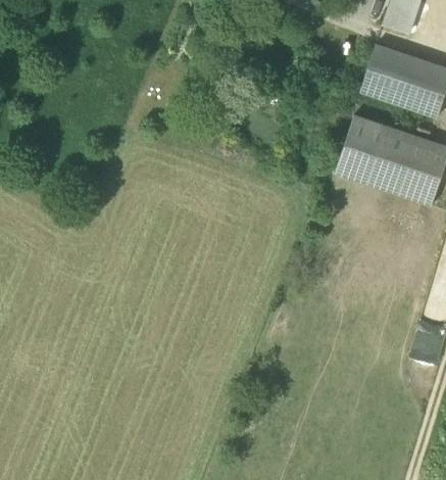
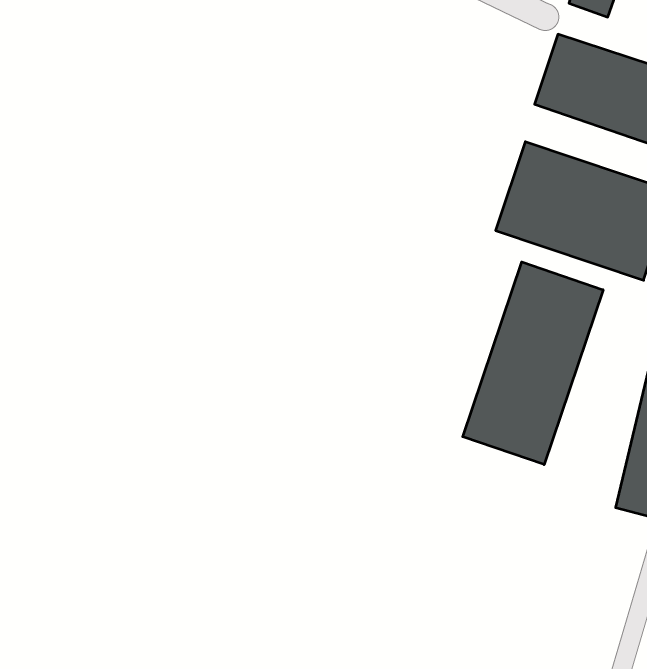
building: none -> [463,262,603,465]

